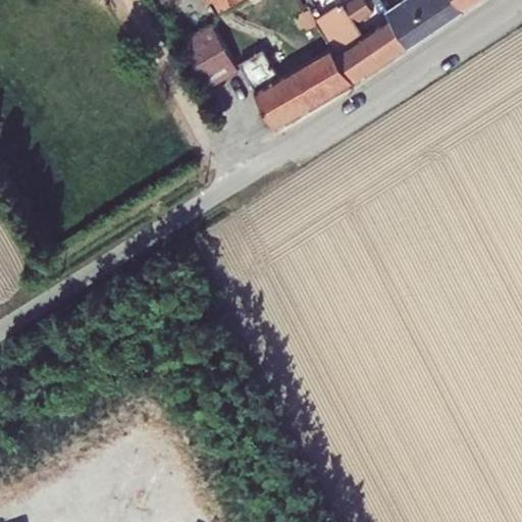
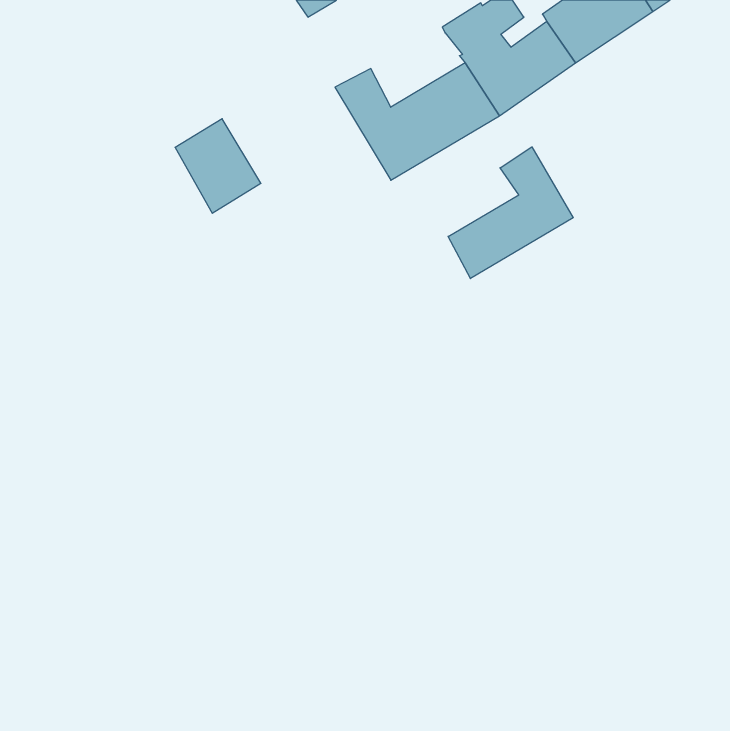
building: [179,23,241,91] -> [175,119,261,213]
building: none -> [448,147,573,279]

